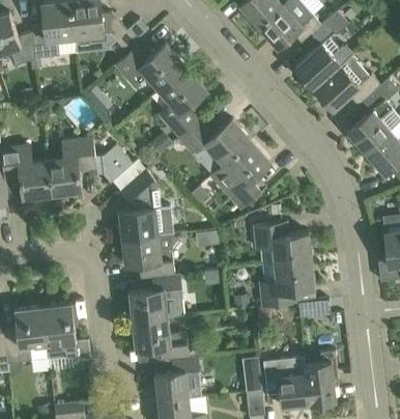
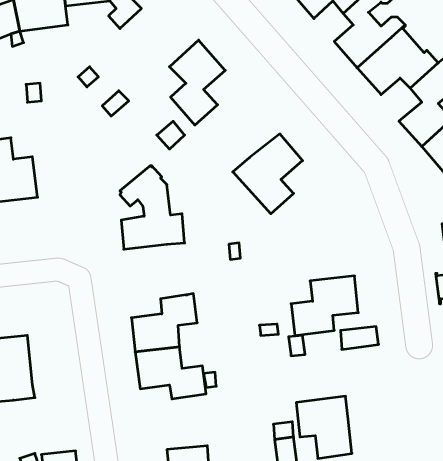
building: [116,46,183,88] -> none
building: [179,119,251,163] -> none
building: [48,139,144,195] -> none
building: [254,224,311,263] -> none
building: [122,233,177,280] -> none
building: [44,305,90,361] -> none
building: [306,352,338,406] -> none
building: [154,356,200,401] -> none

